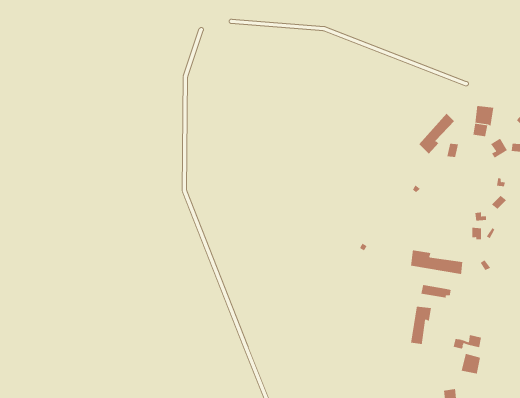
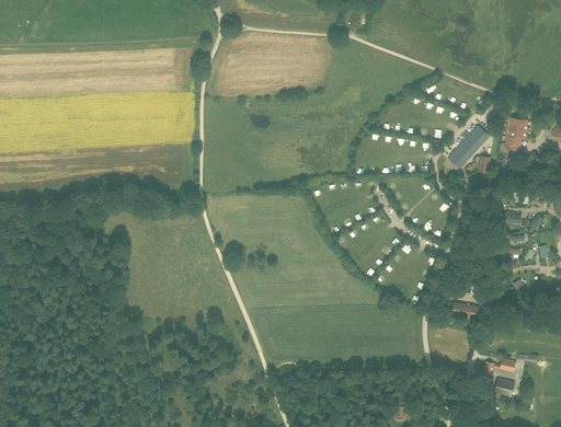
building: [411,250,463,275] -> none
building: [410,306,431,345] -> none

